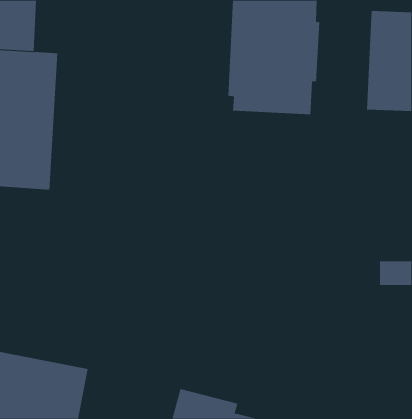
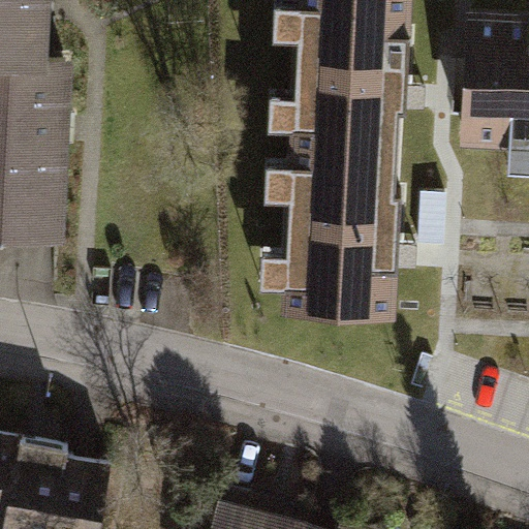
building: none -> [278,139,394,307]

